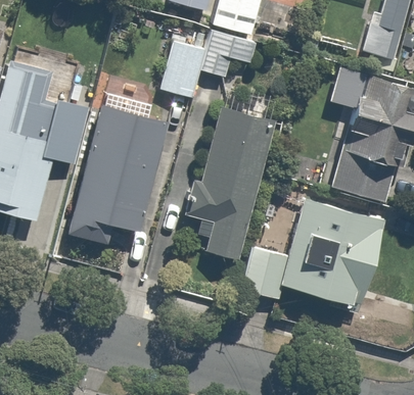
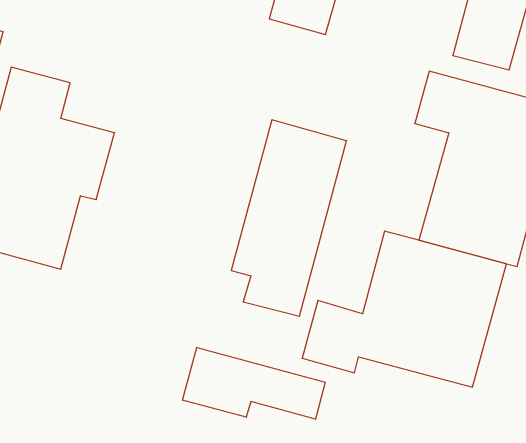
building: [160,24,256,97] -> none
building: [65,108,176,240] -> none
building: none -> [183,347,325,419]

